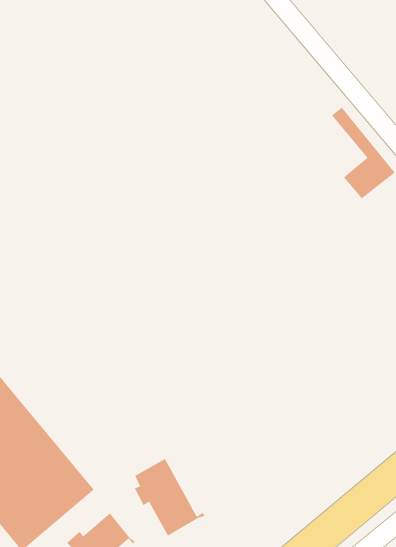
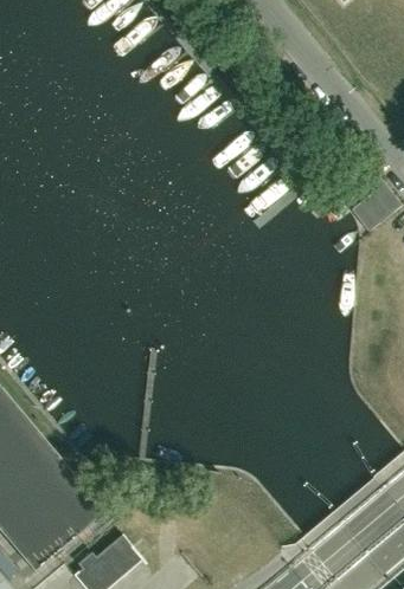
building: [134,458,205,537] -> none

